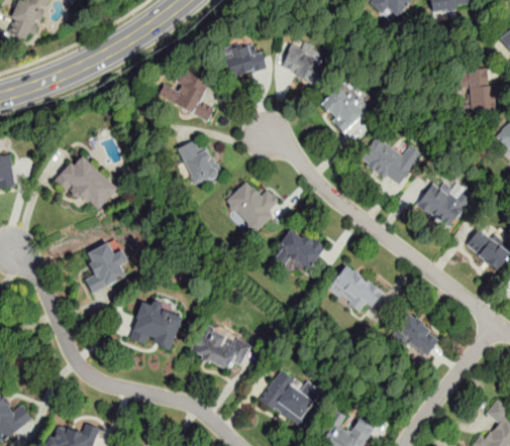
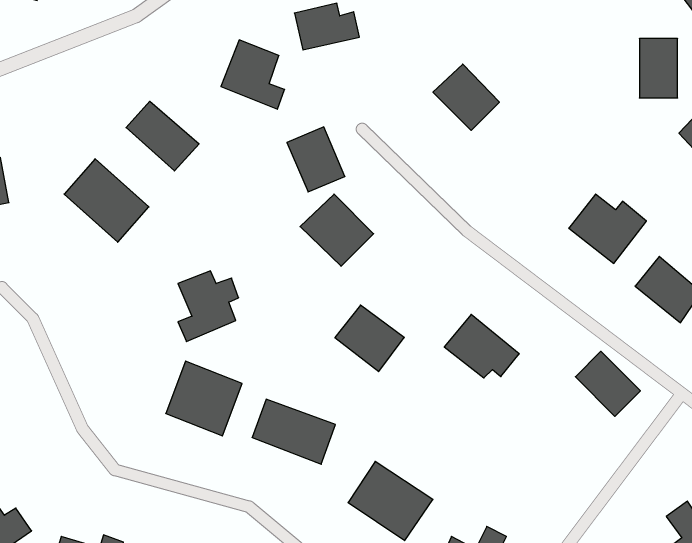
building: [280,45,328,86] -> none
building: none -> [126,101,199,171]
building: [360,137,421,188] -> none
building: [180,142,221,189] -> [287,127,345,192]
building: [275,227,324,274] -> [335,305,404,372]
building: [84,243,127,294] -> [178,271,239,342]
building: [393,313,439,359] -> [575,351,640,416]

